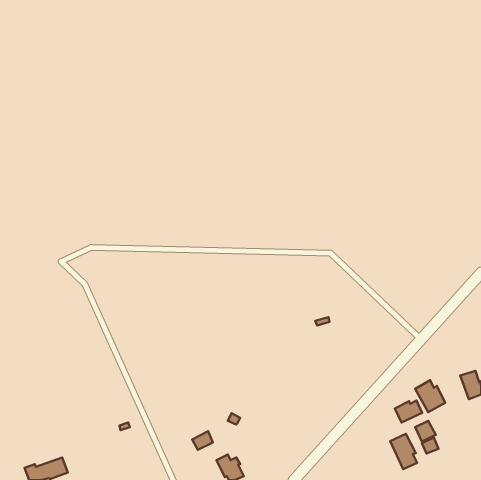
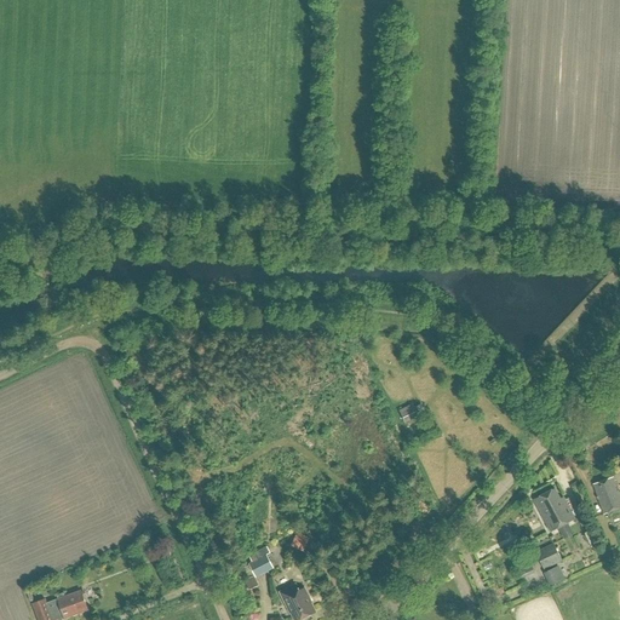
building: [395,400,422,422] -> none
building: [390,434,417,469] -> none

